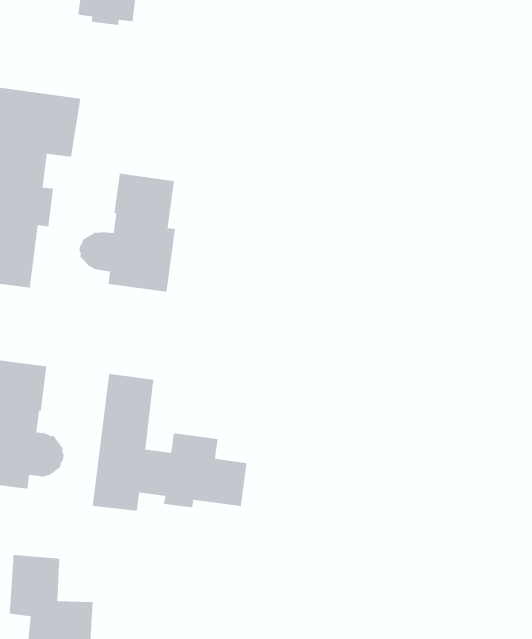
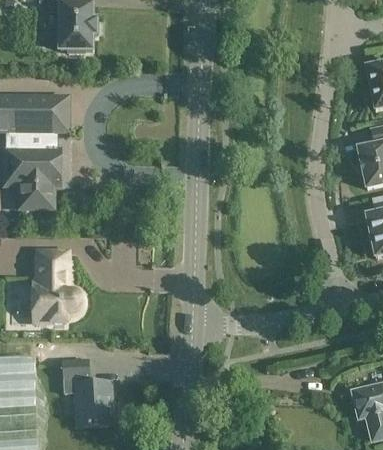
building: [79,173,175,293] -> none
building: [92,373,247,511] -> none

